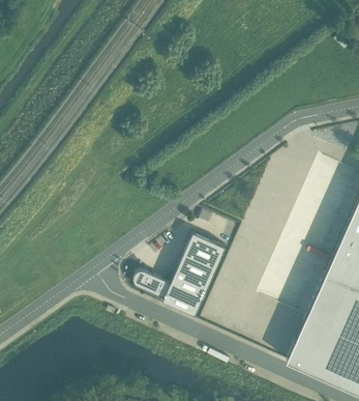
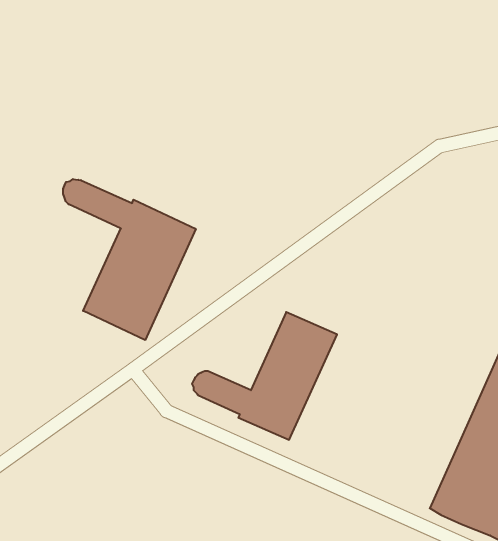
building: none -> [63,179,196,340]

